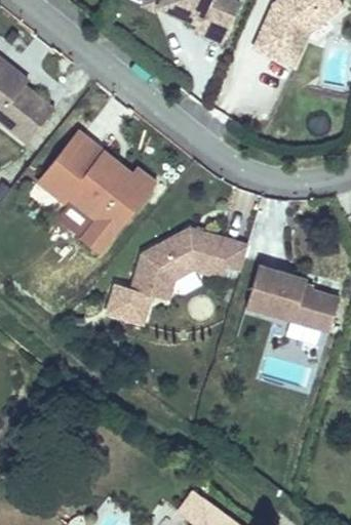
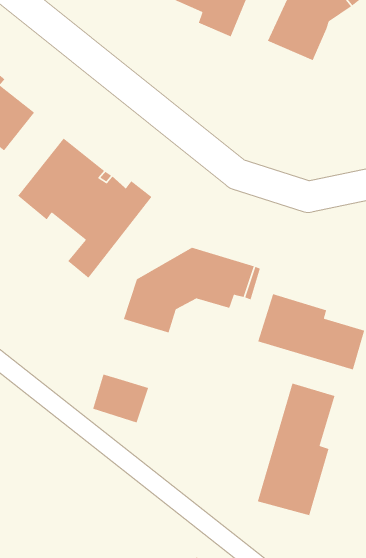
building: [104,282,153,325] -> [92,373,149,423]
building: none -> [257,383,336,516]

